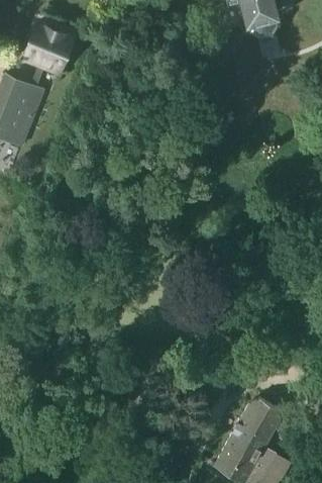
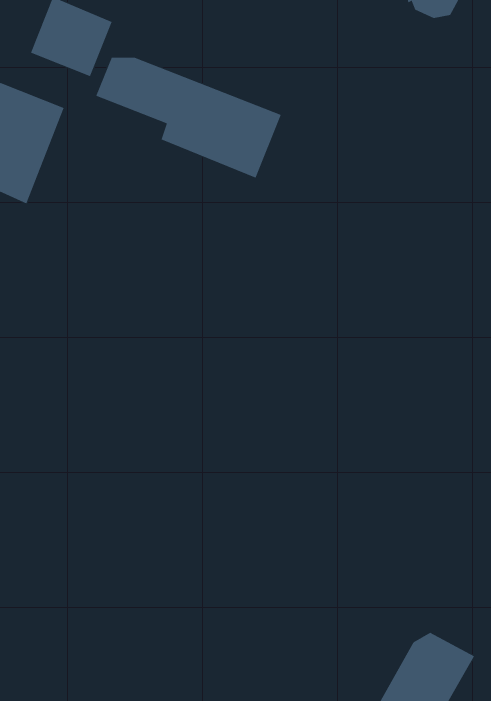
building: none -> [95,57,281,178]

